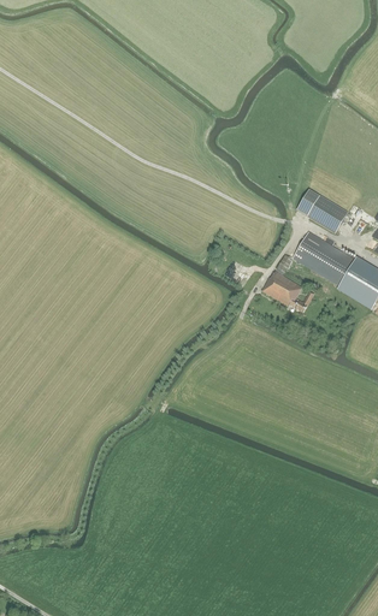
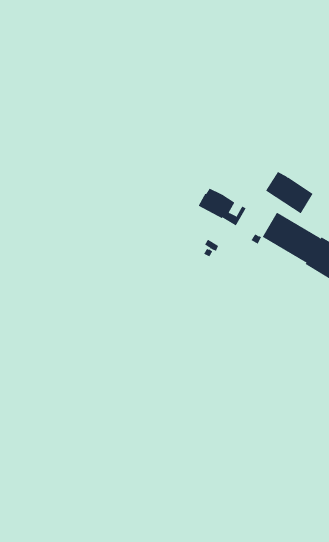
building: [261,271,313,312] -> [198,188,246,226]

